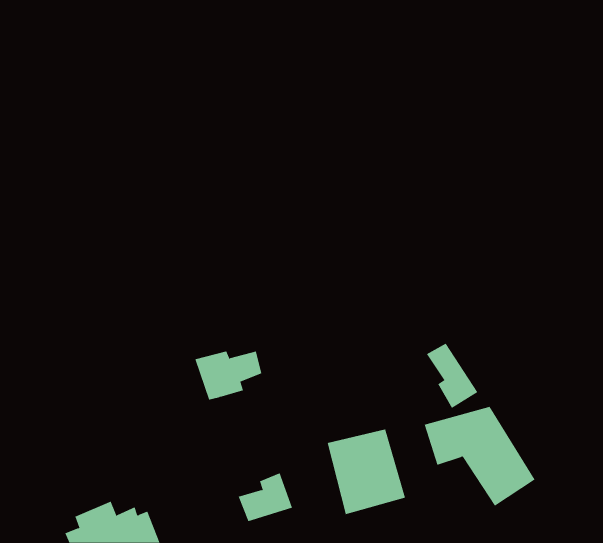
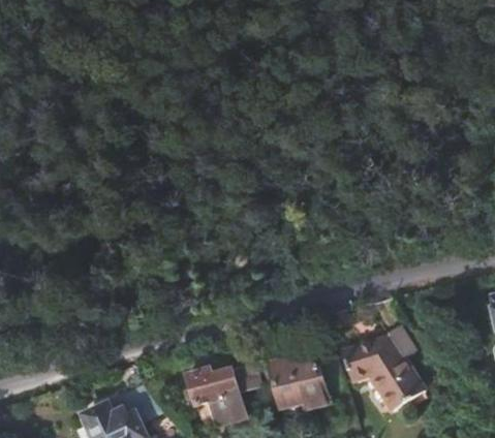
building: [426,343,478,409] -> none
building: [195,351,262,400] -> [187,368,237,404]

